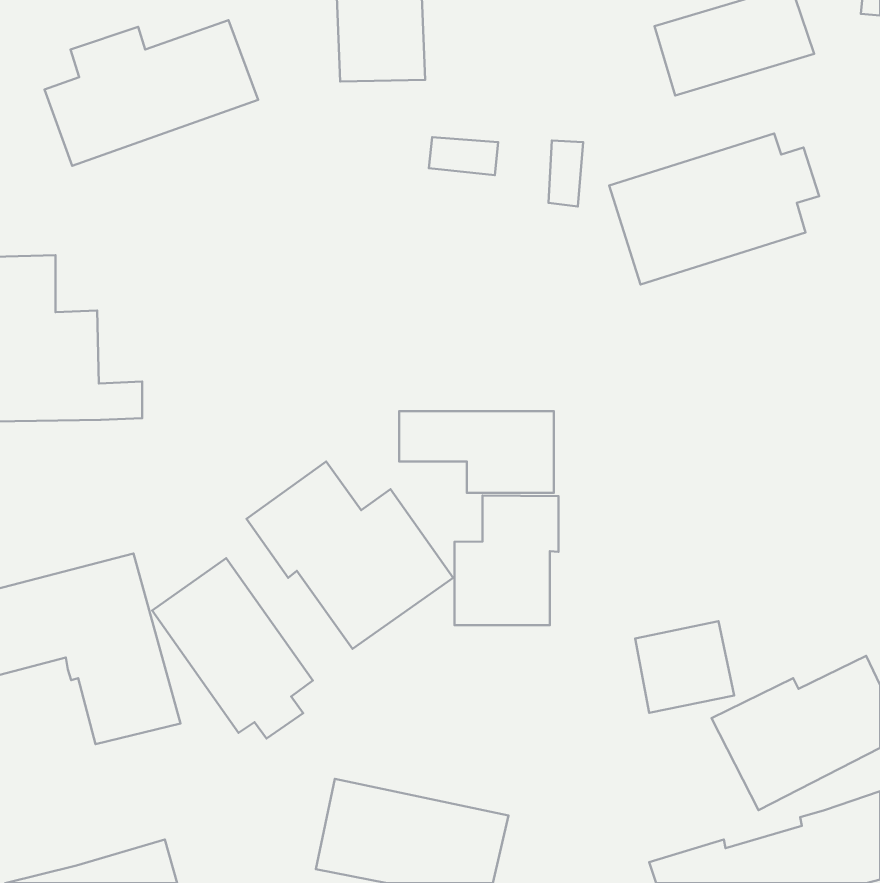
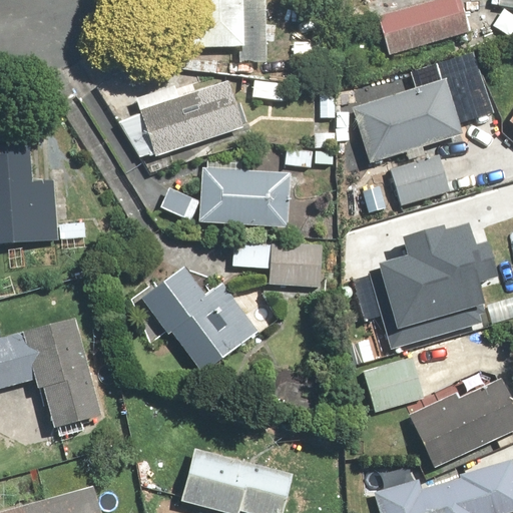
building: [45,20,258,166] -> [123,79,246,163]
building: none -> [390,155,452,206]
building: none -> [160,168,290,229]
building: none -> [360,216,492,351]
building: [454,496,558,625] -> none
building: [152,558,313,739] -> none

